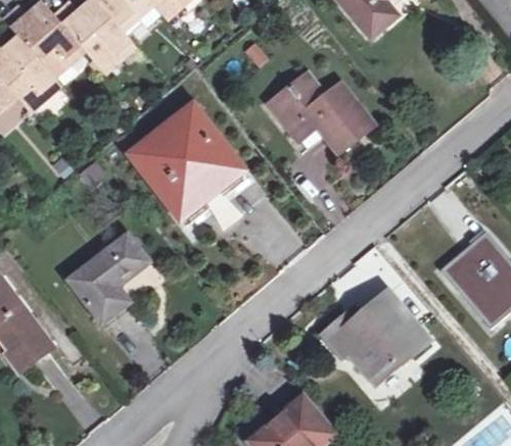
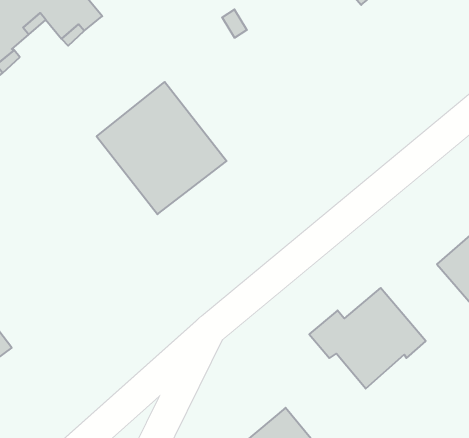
building: [271,73,371,152] -> none
building: [68,234,149,323] -> none

